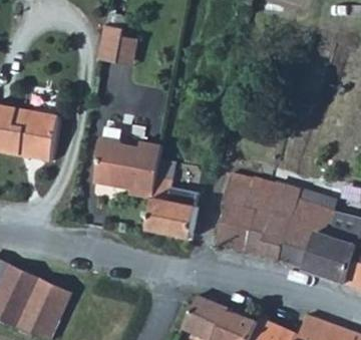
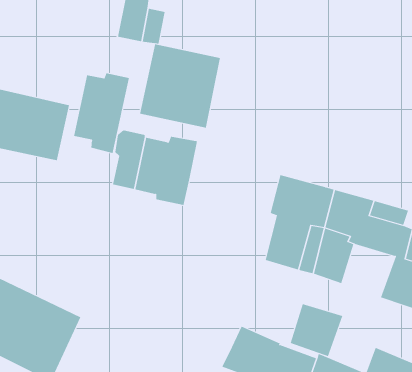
building: none -> [139,44,221,129]
building: none -> [73,72,129,154]
building: [145,175,197,237] -> none
building: [279,229,322,272] -> [290,304,343,357]

